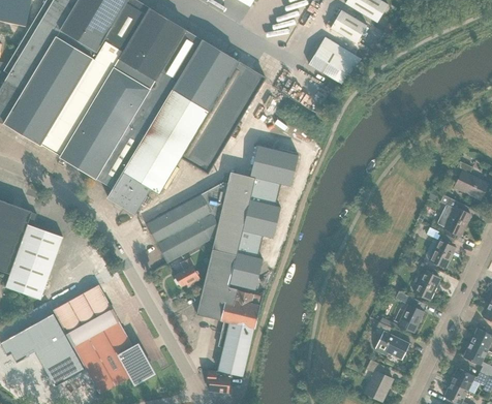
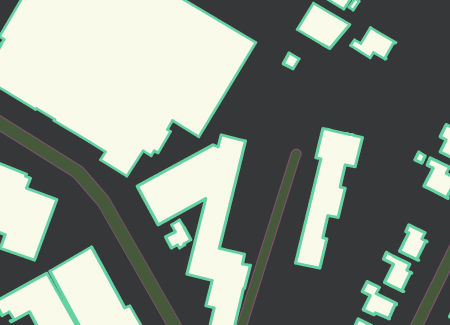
building: none -> [351,28,396,59]
building: [229,147,298,289] -> [295,129,362,268]
building: [427,227,456,268] -> none

